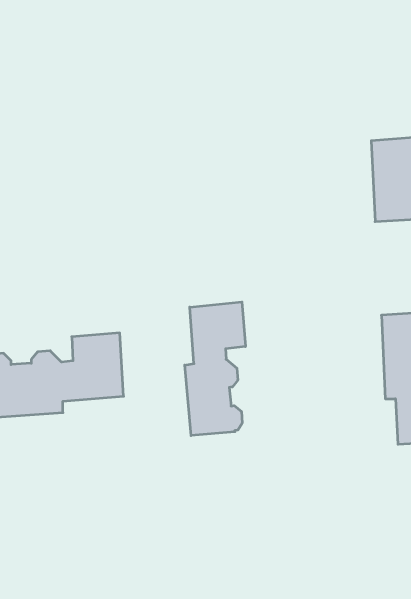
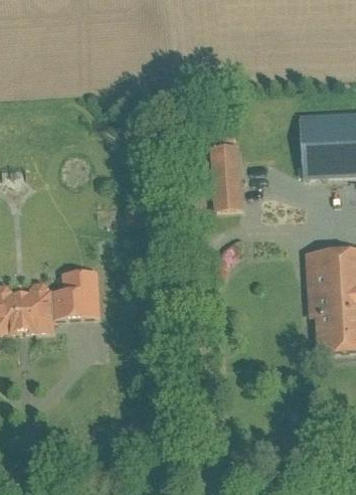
building: none -> [211,144,244,211]
building: [185,302,245,436] -> none

